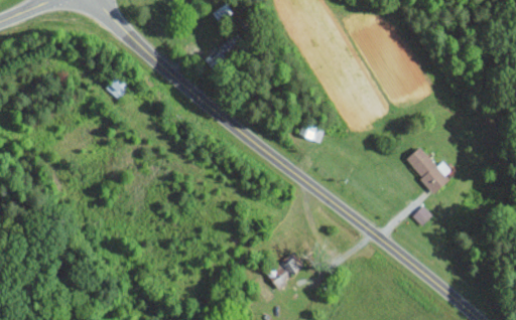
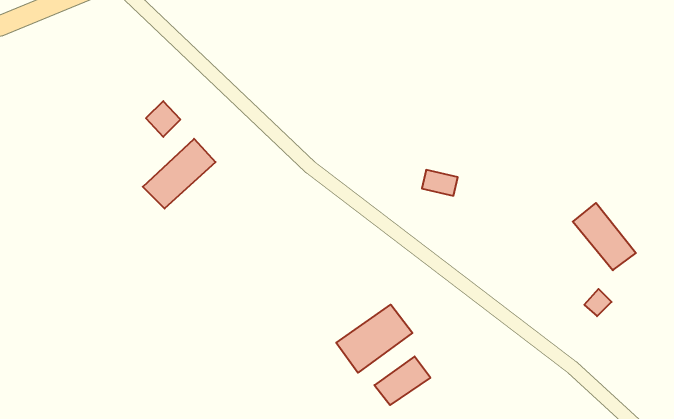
building: none -> [143,139,216,209]
building: none -> [336,305,412,373]

